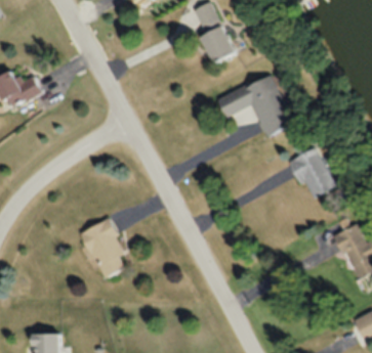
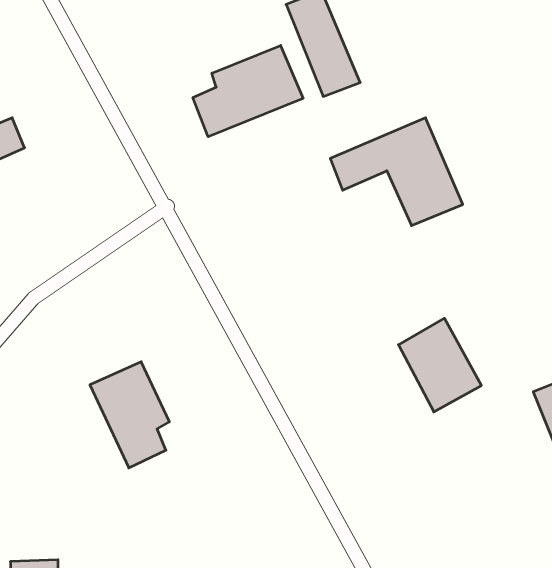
building: none -> [193,45,303,137]
building: [289,146,337,201] -> [398,318,481,412]

